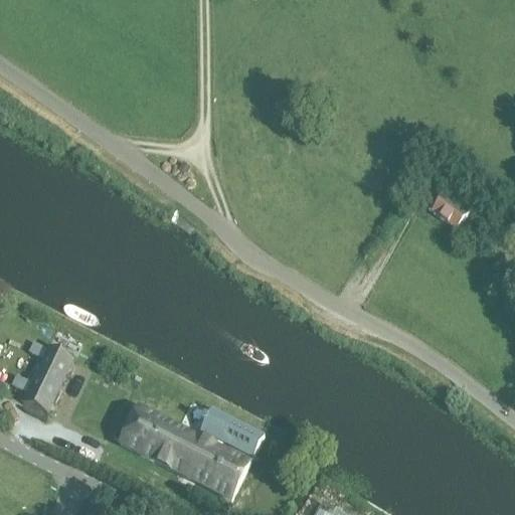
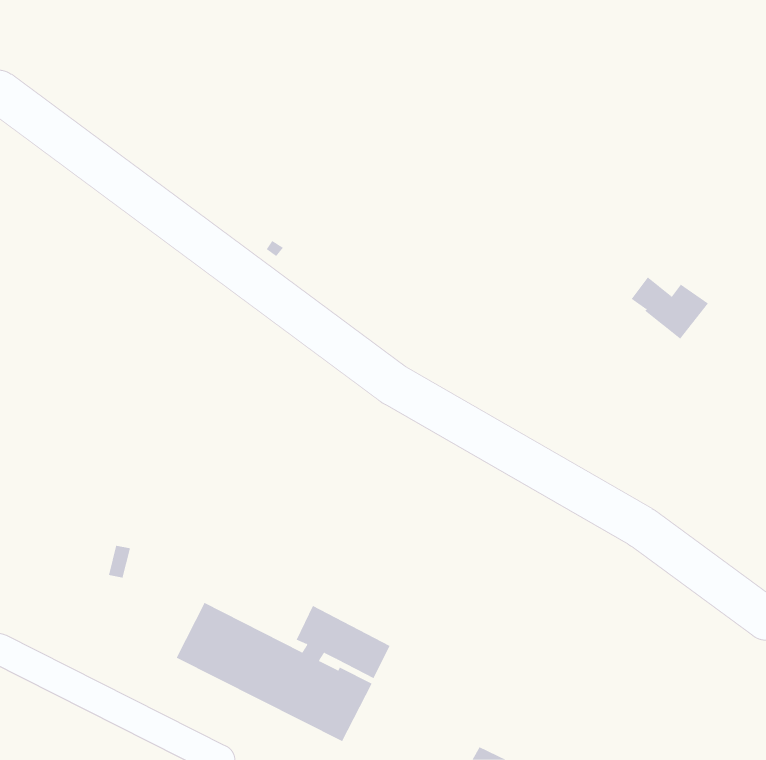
building: [23,344,74,412] -> none

